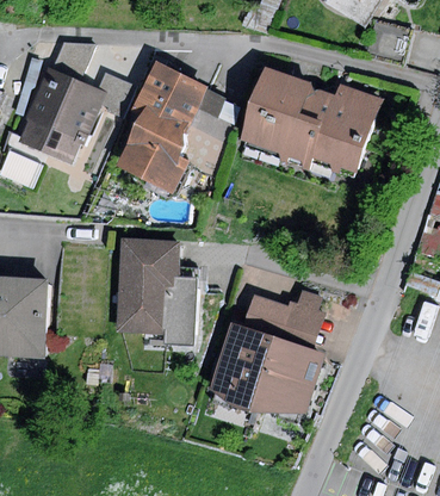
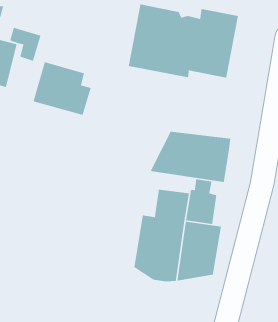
building: [130,61,238,174] -> none
building: none -> [149,131,231,183]
building: [116,237,196,346] -> none

